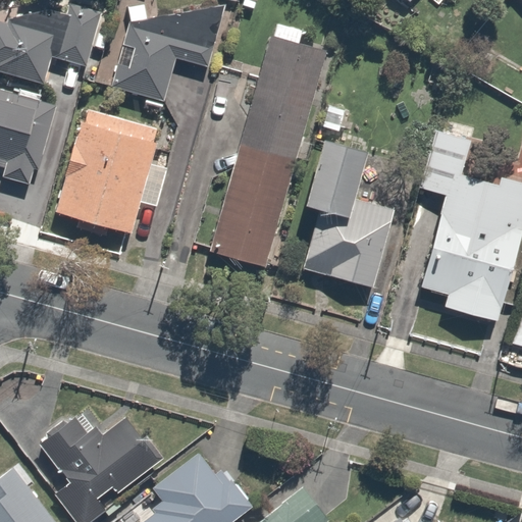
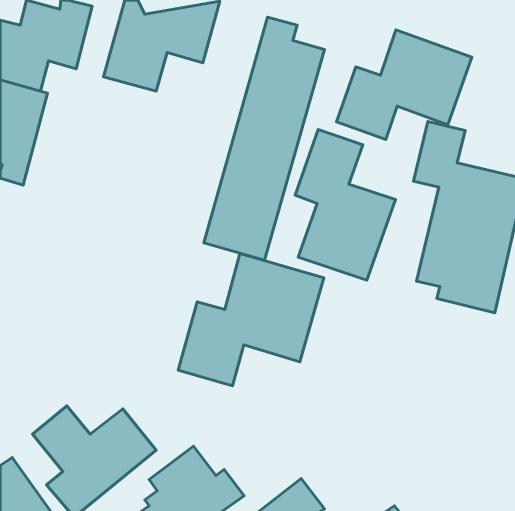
building: none -> [337,30,472,139]
building: [53,110,168,236] -> none
building: none -> [178,253,324,386]

